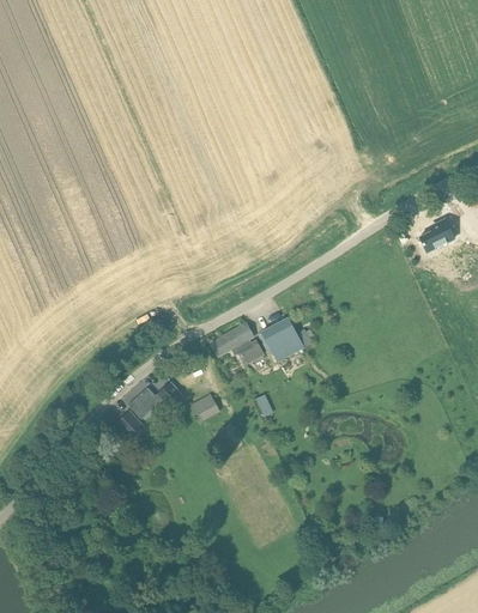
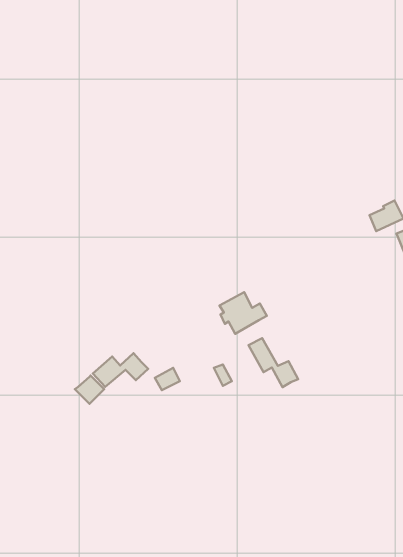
building: [211,329,264,364] -> none
building: none -> [249,338,298,387]

